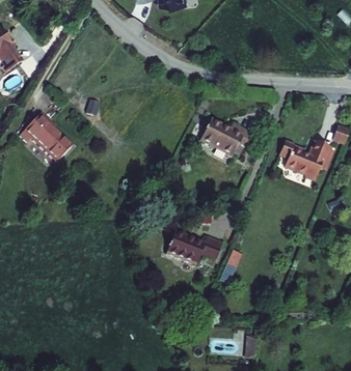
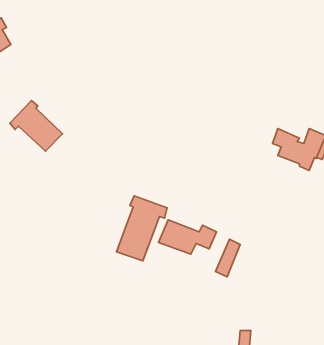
building: [203,121,255,156] -> none
building: none -> [117,196,167,261]

